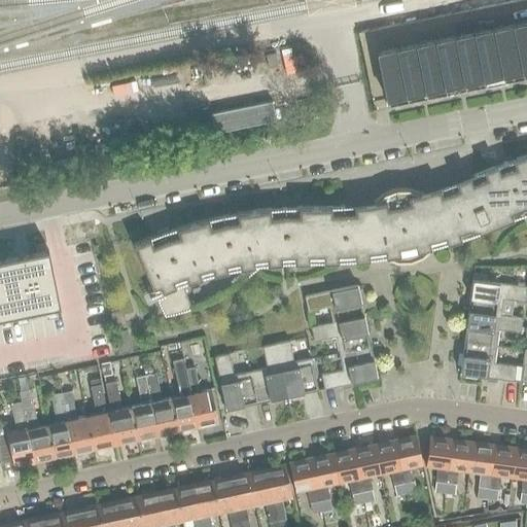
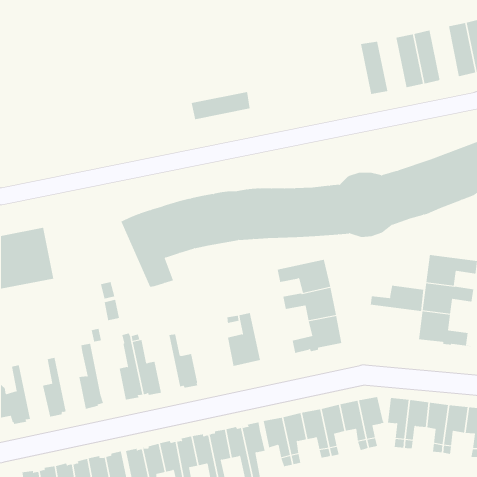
building: [475,30,505,90] -> none
building: [417,42,448,101] -> none
building: [378,49,409,109] -> none
building: none -> [370,285,424,312]
building: [277,342,319,397] -> none
building: [215,354,257,411] -> none
building: [172,359,199,433] -> none
building: [106,383,139,445] -> none
building: [61,385,95,455] -> none
building: [20,389,56,463] -> none

